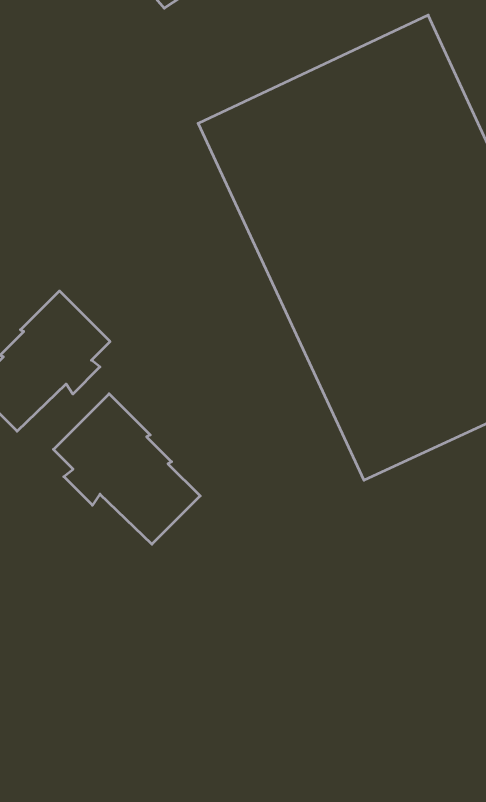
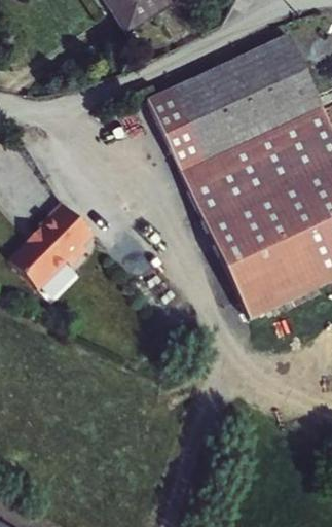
building: [53,394,200,544] -> none

